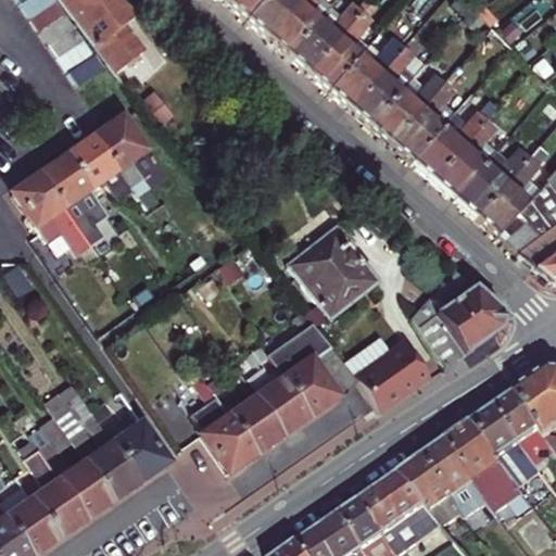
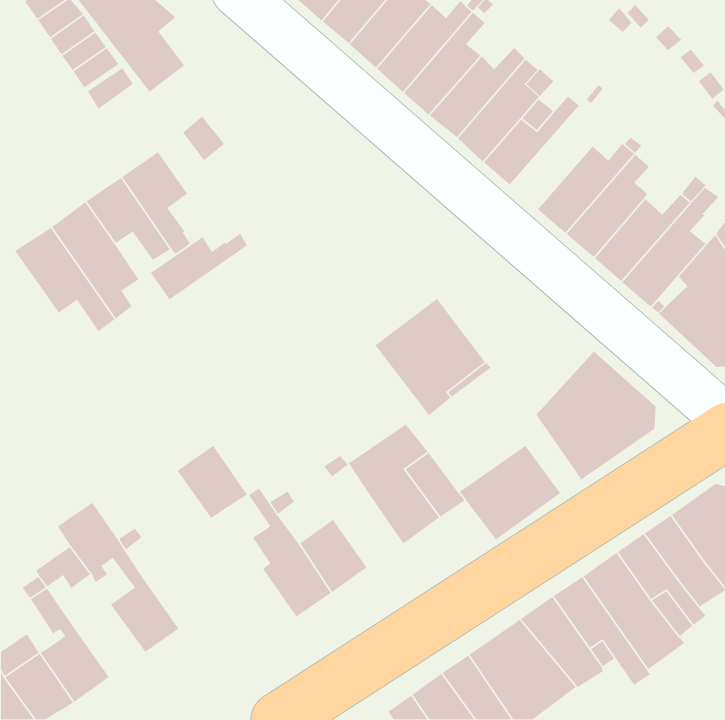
building: [391,80,455,160] -> none
building: none -> [150,232,248,301]
building: [256,377,309,432] -> none
building: [113,422,167,479] -> [177,445,248,519]
building: [60,460,113,516] -> none

